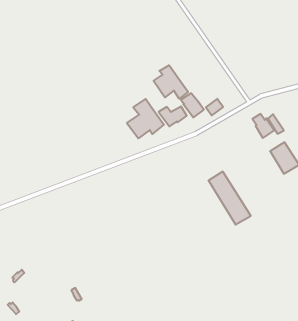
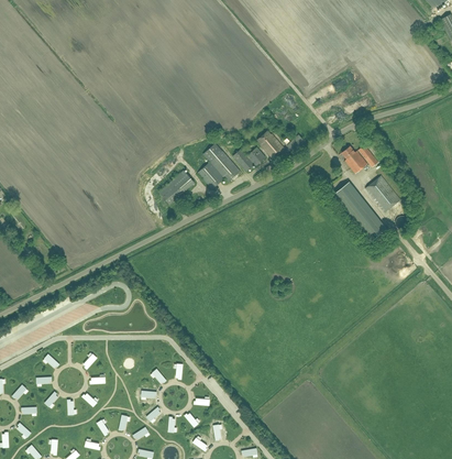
building: [154,65,188,99] -> none
building: none -> [158,170,195,204]
building: [208,172,251,225] -> [333,181,386,240]

